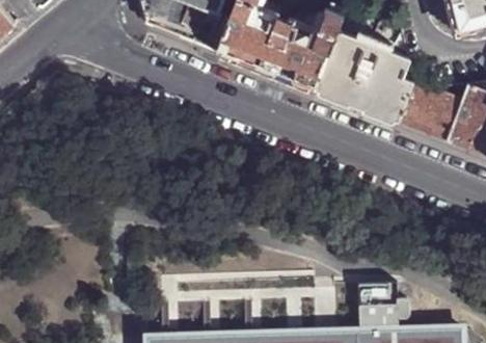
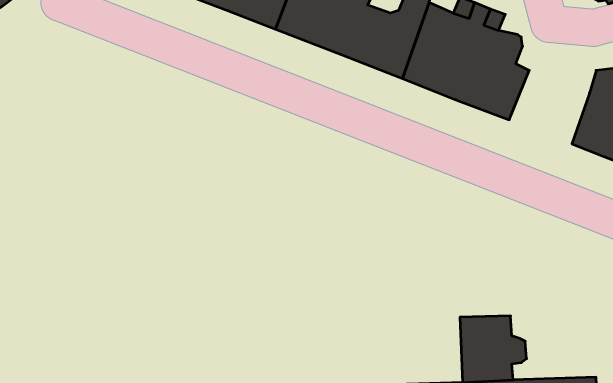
building: [401,82,463,139] -> none

